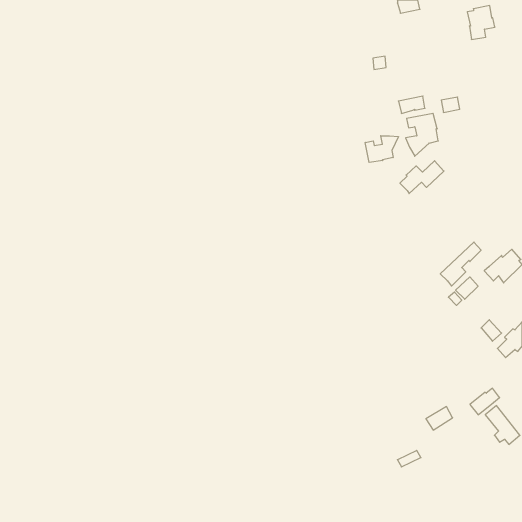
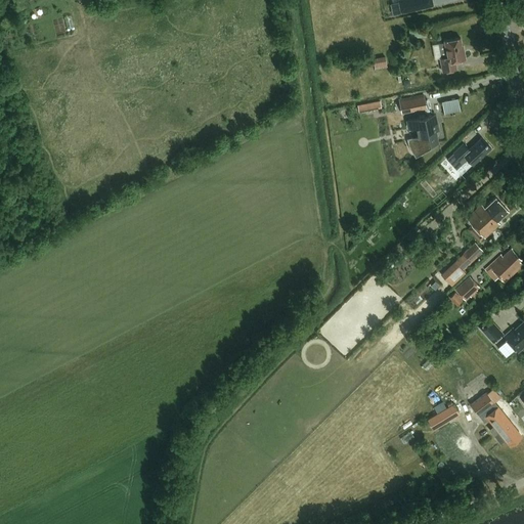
building: [467,6,495,39] -> [438,38,466,72]
building: [365,136,398,162] -> none
building: [400,161,444,194] -> [446,137,490,170]
building: none -> [467,199,509,238]

